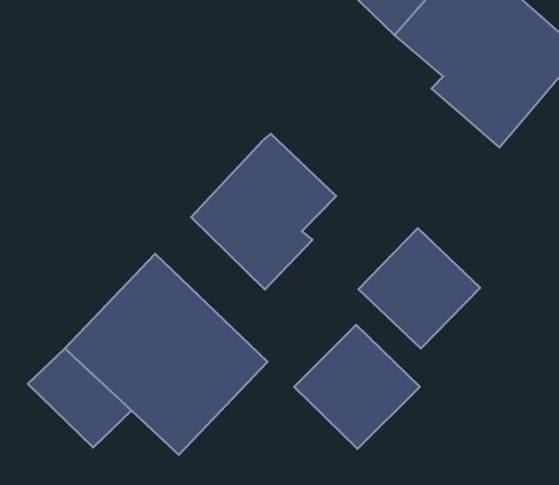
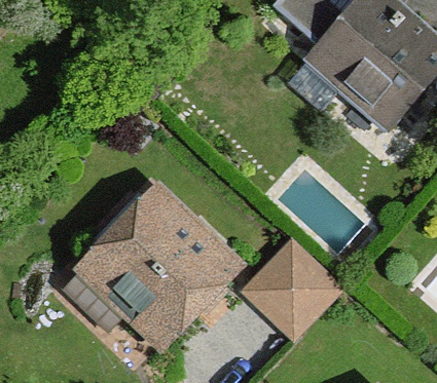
building: [191,134,336,290] -> none
building: [358,228,480,349] -> none

